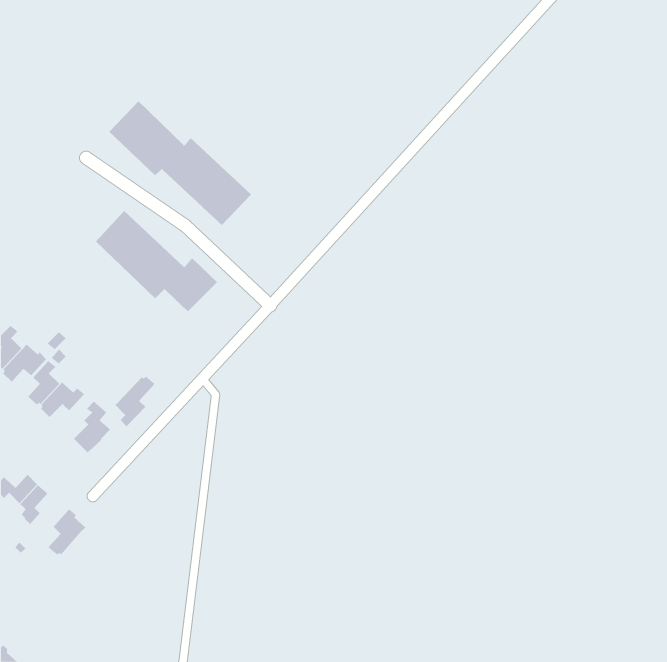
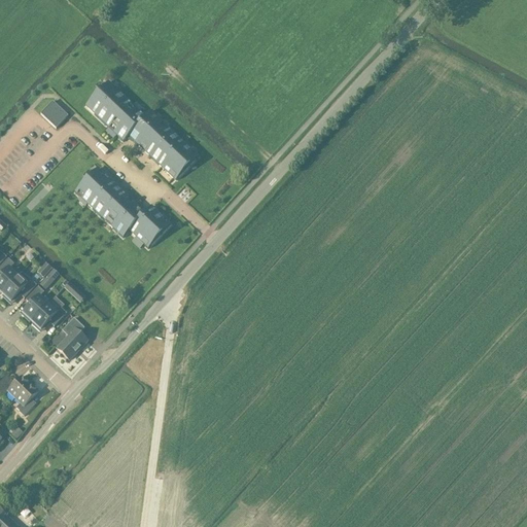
building: none -> [40,99,68,127]
building: [114,376,156,427] -> none
building: [47,509,86,556] -> none

